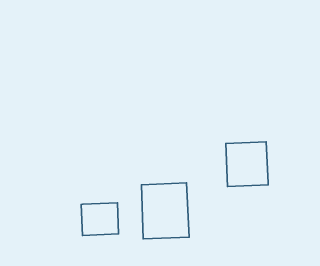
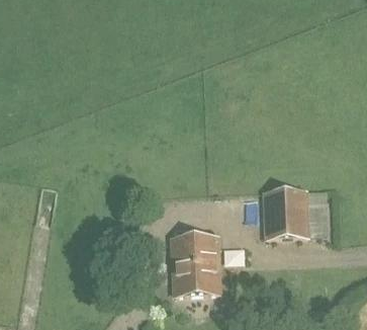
building: [81,203,119,235] -> none

